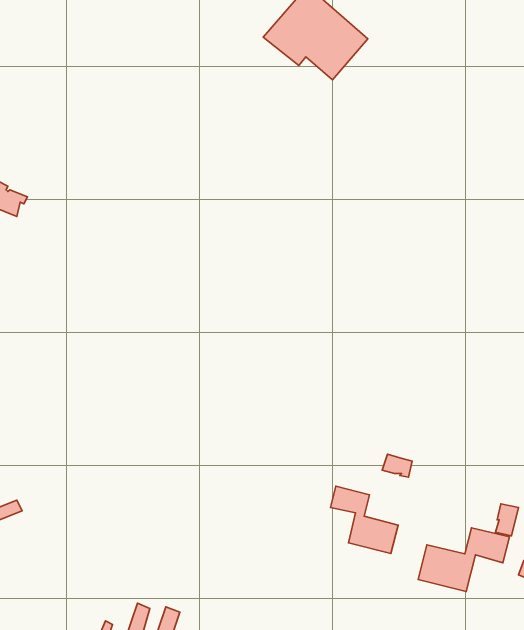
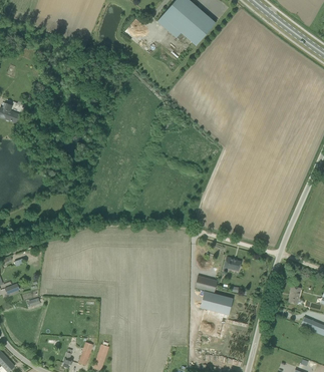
building: [418,528,509,591] -> none

